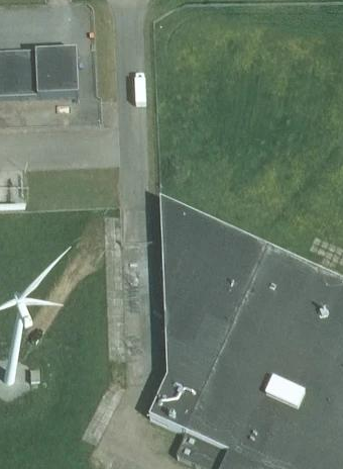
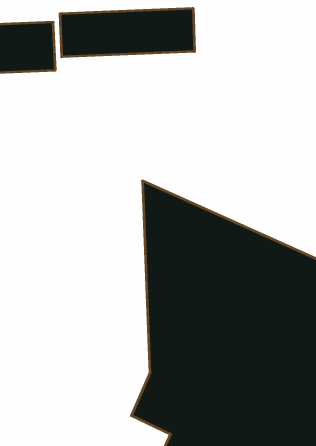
building: none -> [60,8,194,57]

